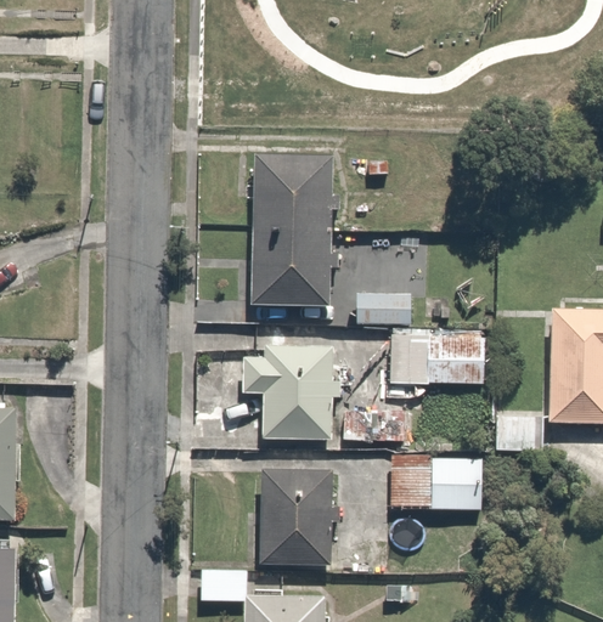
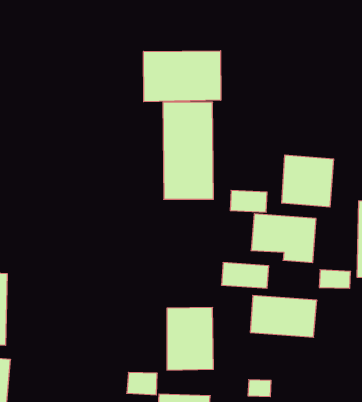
building: none -> [144,51,221,102]
building: none -> [282,155,334,207]
building: [244,349,329,440] -> none

